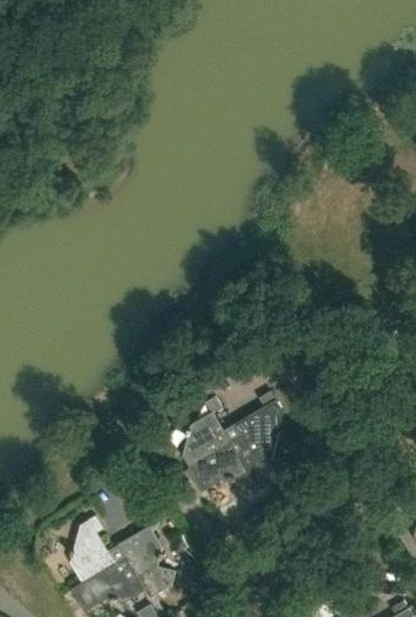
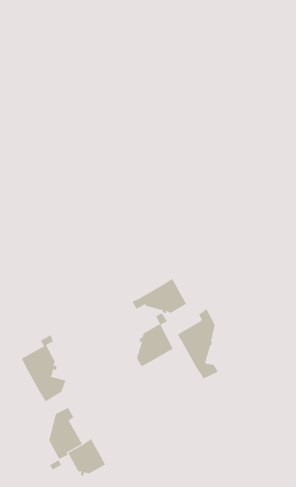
building: [187,434,257,478] -> [131,278,187,313]
building: [118,512,175,601] -> [21,335,66,405]

